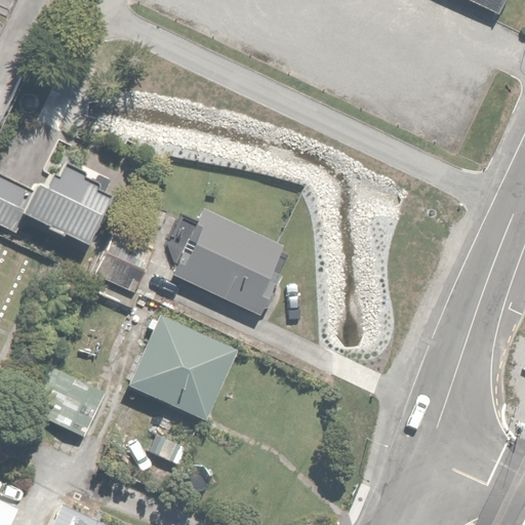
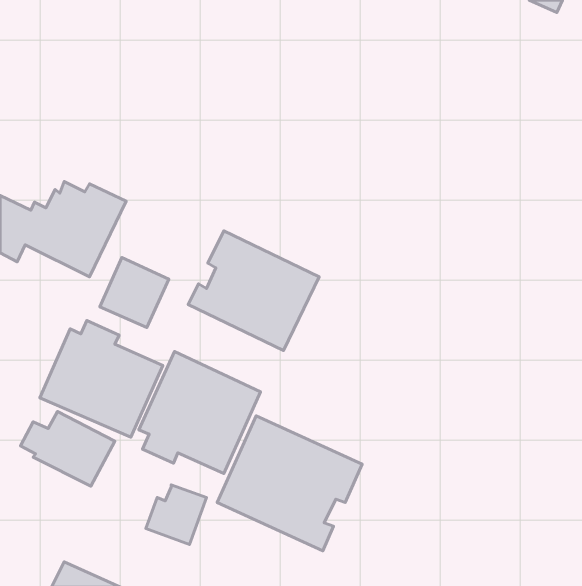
building: none -> [40,320,163,437]
building: none -> [217,416,362,551]

